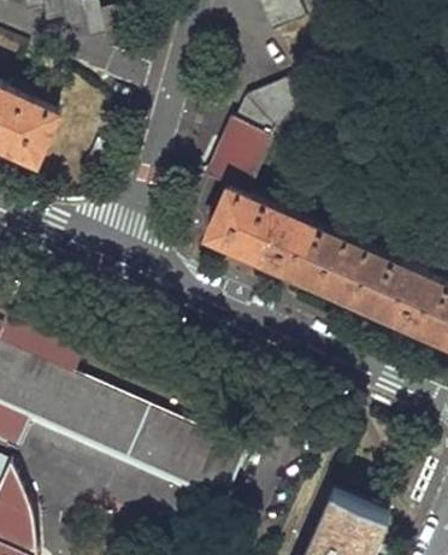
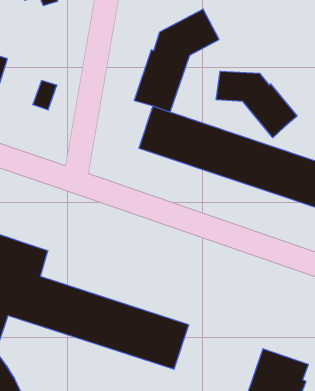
building: none -> [216,71,297,138]

